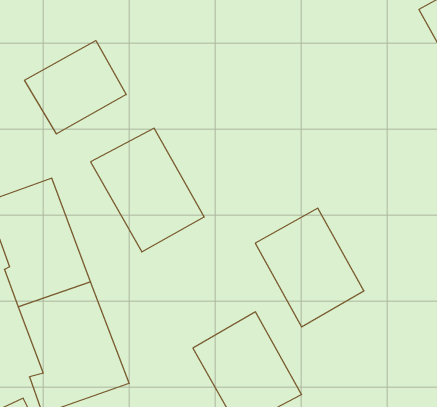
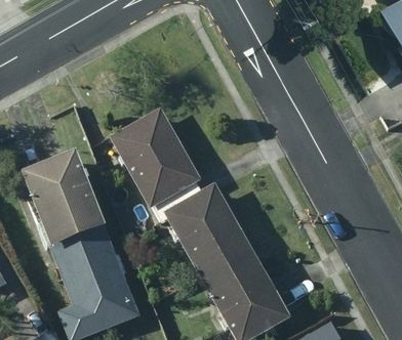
building: [25,41,126,134] -> none
building: [255,208,364,327] -> [157,189,246,287]

